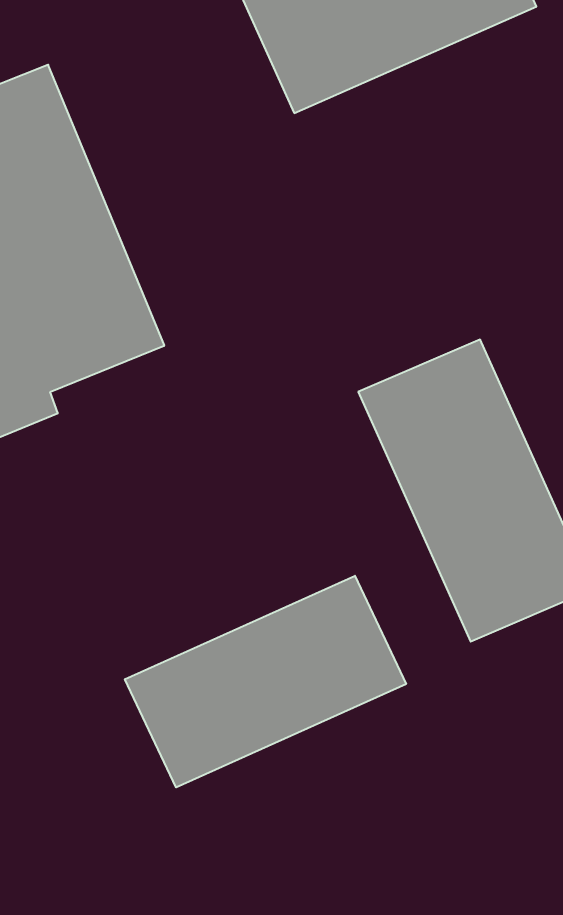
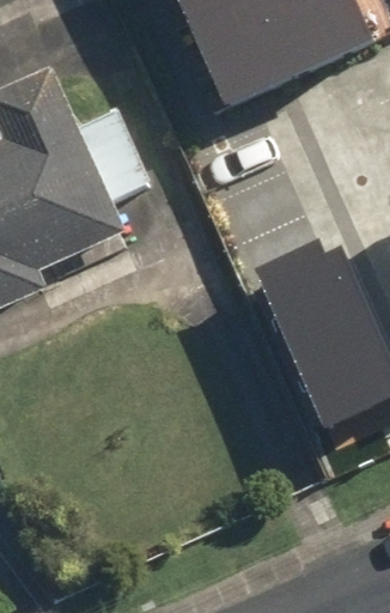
building: [125,576,406,787] -> none

